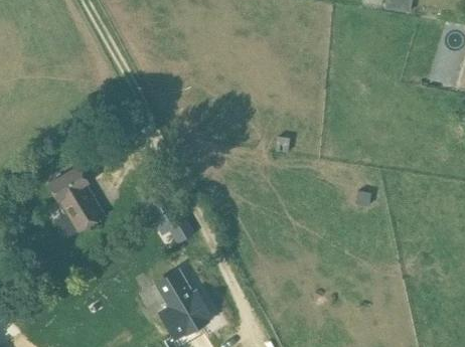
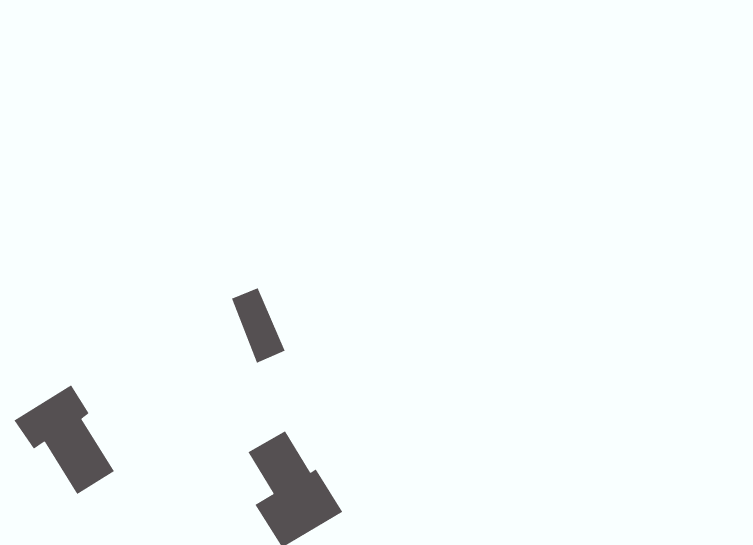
building: [47,167,104,228] -> [14,384,115,495]

